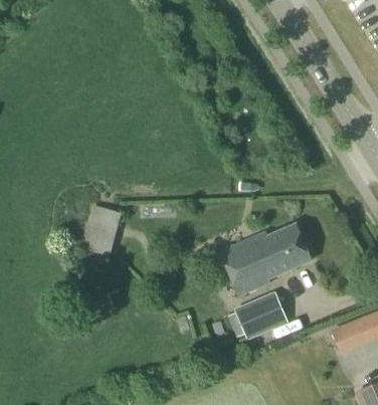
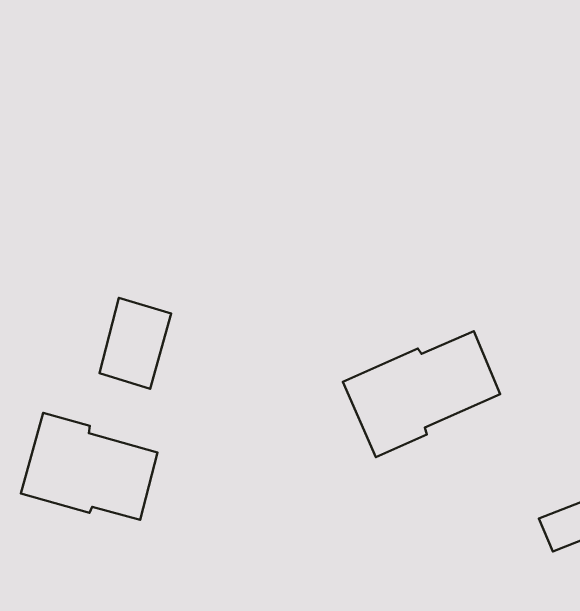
building: none -> [21,413,158,520]
building: [228,290,290,339] -> none

